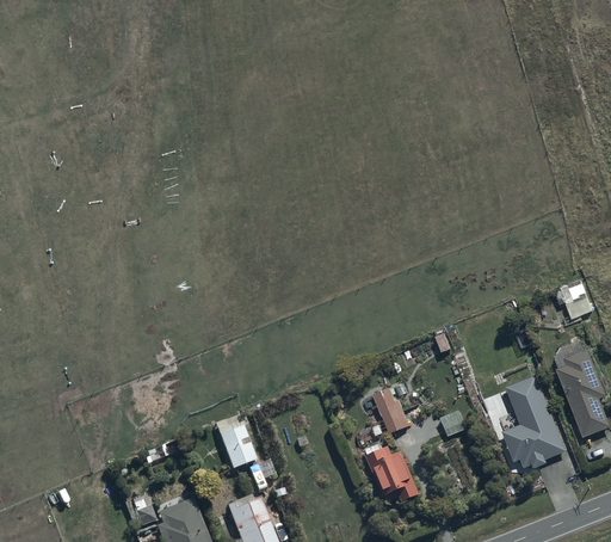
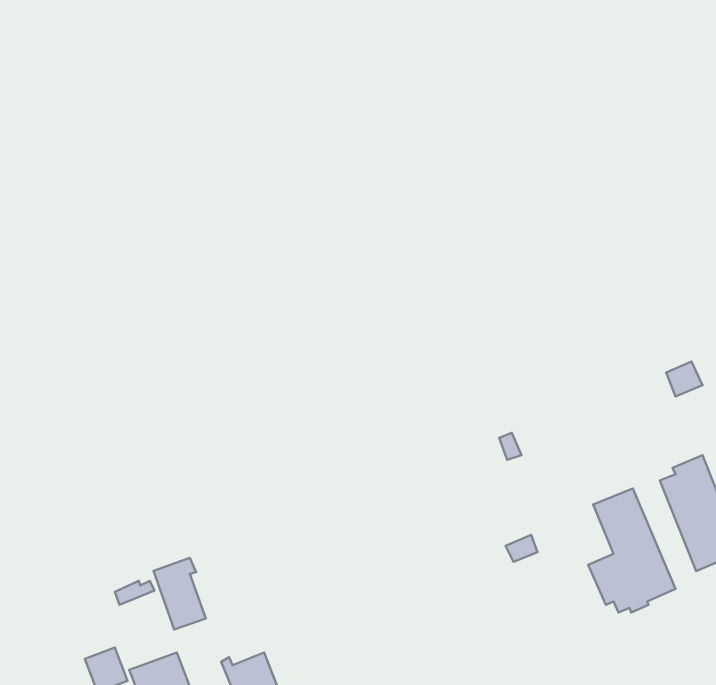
building: [374,387,420,433] -> none
building: [216,413,255,467] -> [153,558,206,630]
building: [364,443,419,500] -> none

